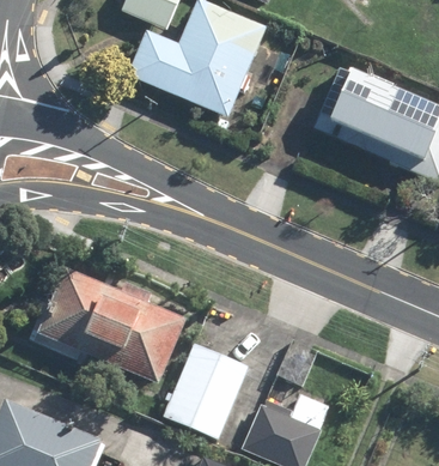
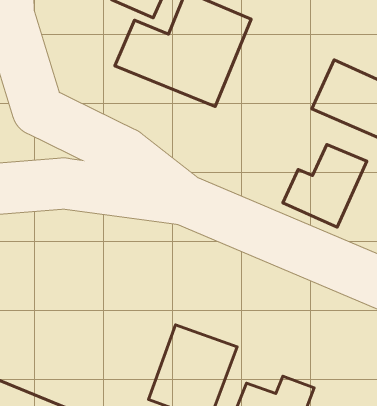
building: none -> [283,145,367,227]
building: [38,270,183,385] -> none

